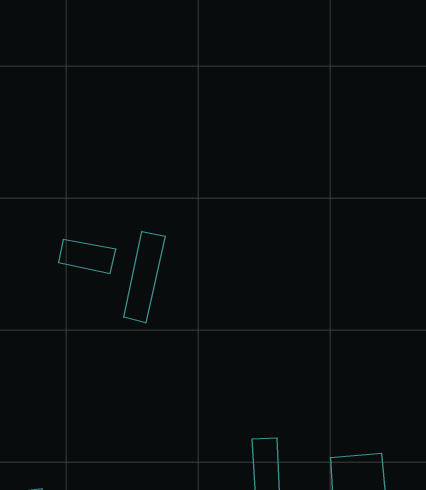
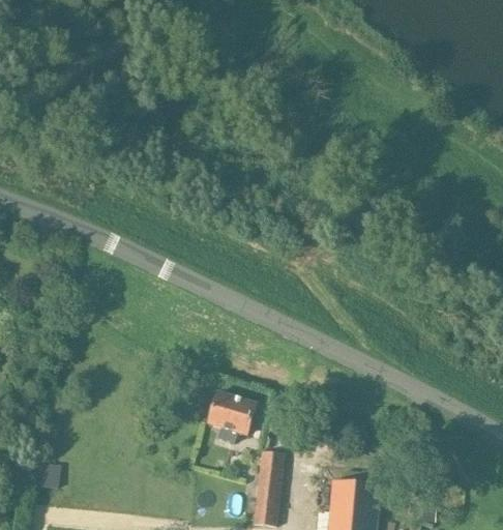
building: [124,231,165,323] -> none
building: none -> [206,392,255,444]

